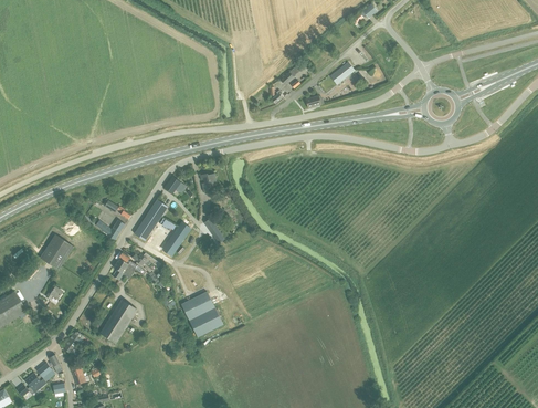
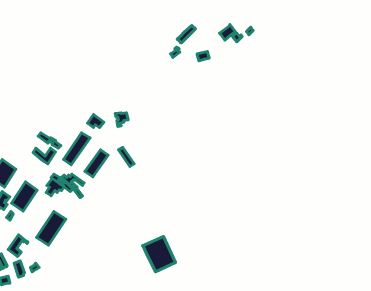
building: none -> [11,182,37,211]
building: [180,291,222,336] -> [143,236,175,272]

